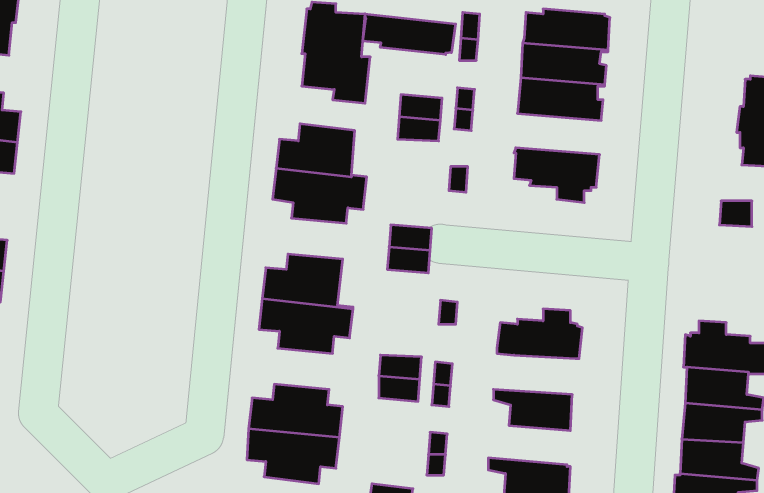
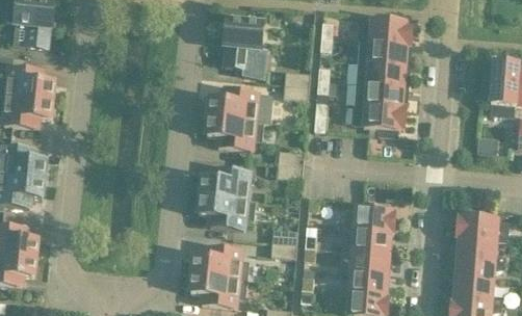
building: [363,14,456,55] -> none
building: none -> [355,84,407,109]
building: none -> [341,231,391,255]
building: none -> [338,273,388,297]

